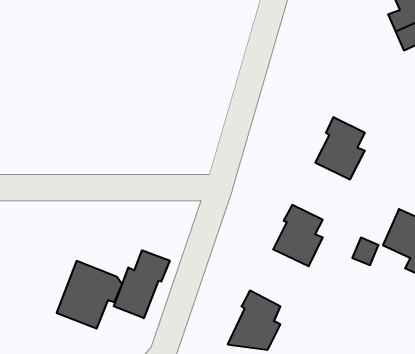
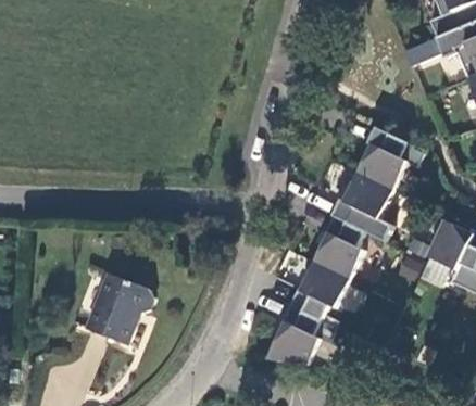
building: none -> [330,174,390,232]
building: none -> [287,263,348,321]
building: [114,250,170,318] -> none

